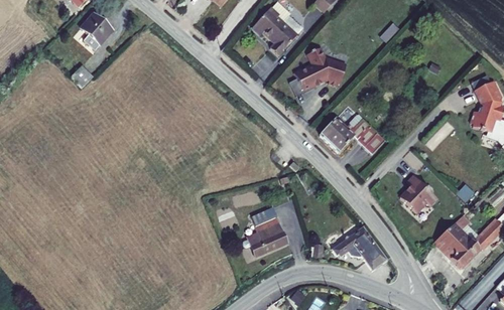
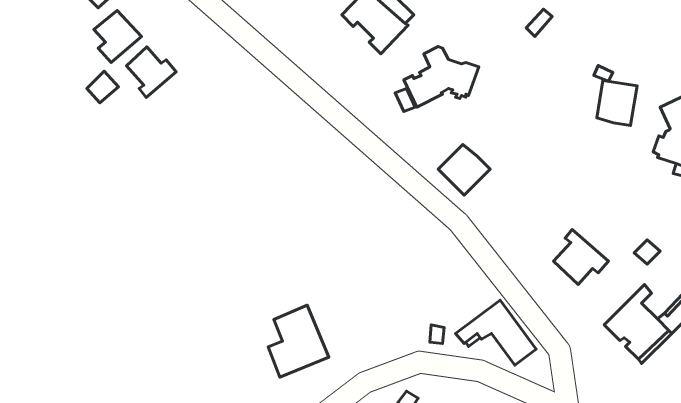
building: none -> [127,47,176,97]
building: none -> [597,80,637,126]
building: [347,114,384,153] -> none
building: [247,205,289,256] -> [268,305,329,377]

